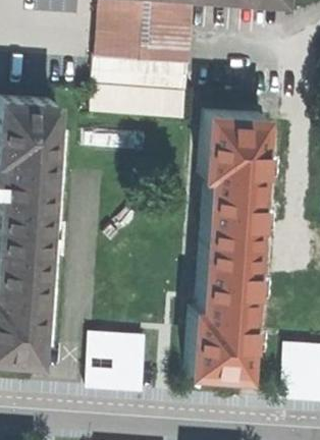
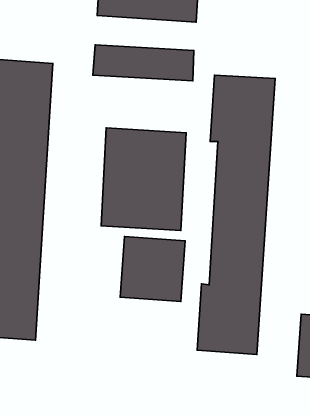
building: [94,59,189,92] -> none
building: none -> [101,128,186,230]
building: [90,329,151,390] -> [120,236,185,302]

